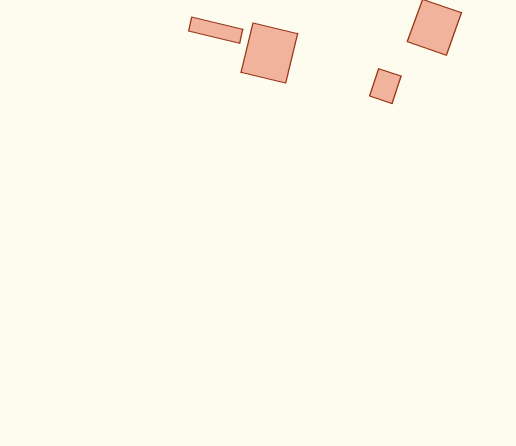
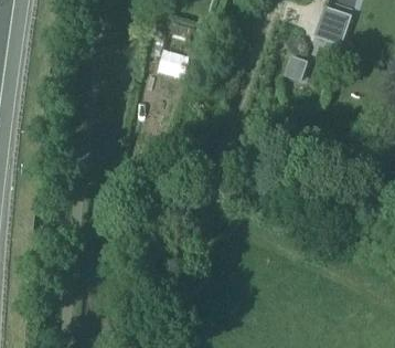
building: [241,23,298,83] -> none

